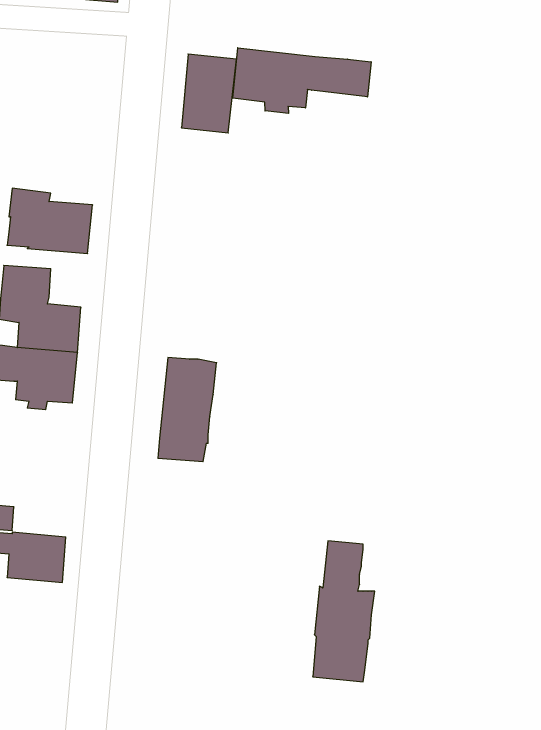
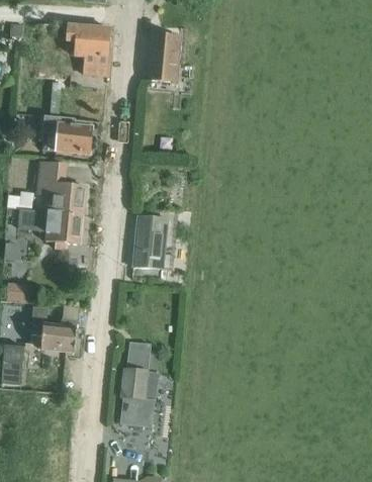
building: none -> [41,23,109,77]
building: [233,48,371,113] -> none
building: [313,541,375,682] -> [120,342,158,426]

